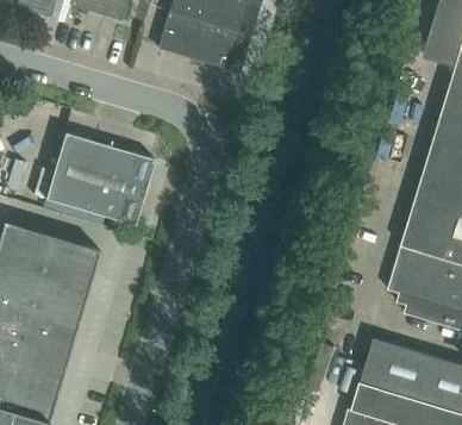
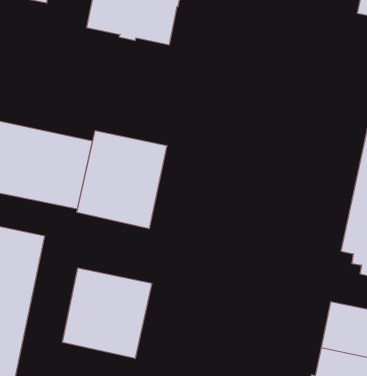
building: none -> [77,131,167,229]
building: none -> [63,268,152,359]

